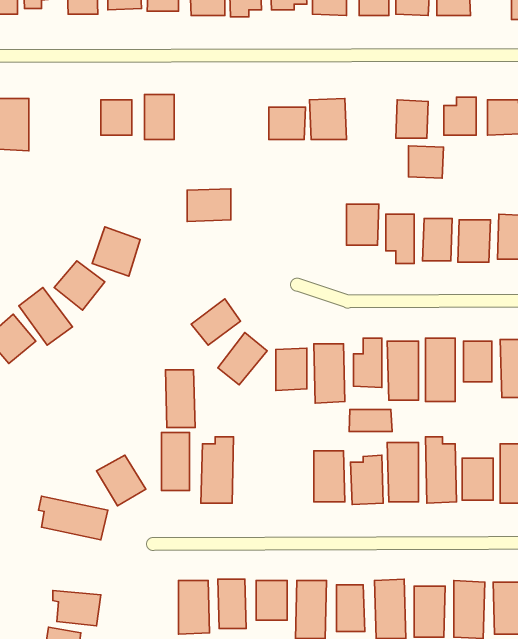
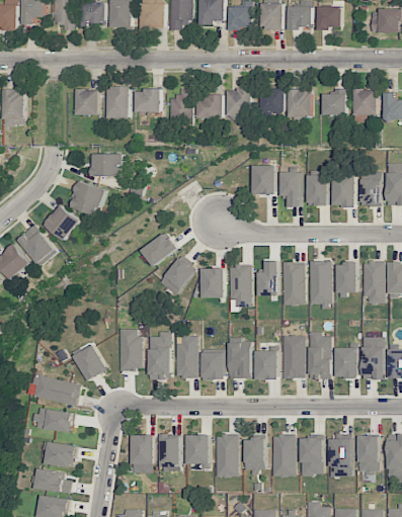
building: none -> [168,89,190,120]
building: none -> [135,90,161,112]
building: [408,146,444,178] -> [259,89,285,112]
building: [187,189,231,221] -> [90,154,122,177]
building: [165,370,195,428] -> [176,336,197,377]
building: [349,409,392,432] -> none
building: none -> [202,352,225,380]
building: none -> [34,409,74,432]

